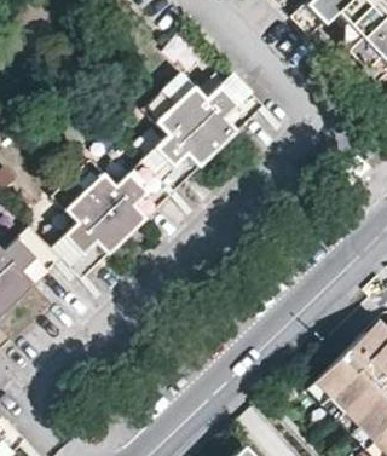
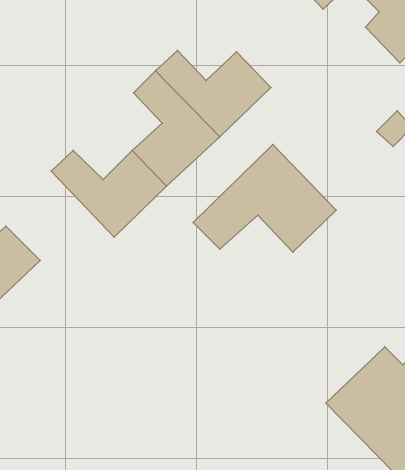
building: none -> [193,145,336,252]
building: [52,178,127,278] -> none

